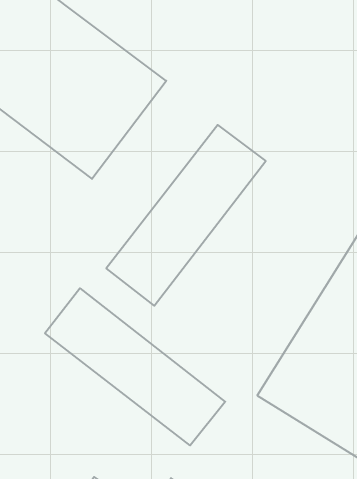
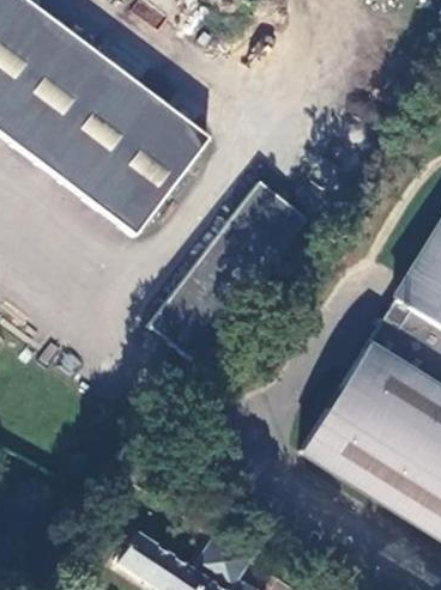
building: [45,288,225,445] -> none

